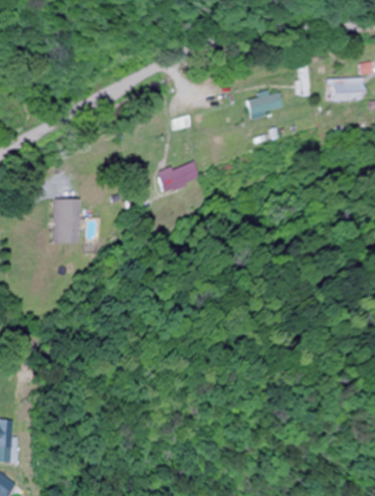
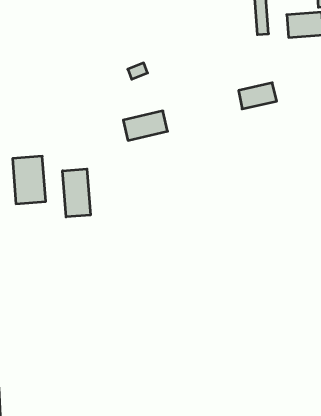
building: [246,92,283,115] -> [239,83,277,109]
building: none -> [63,169,90,217]

